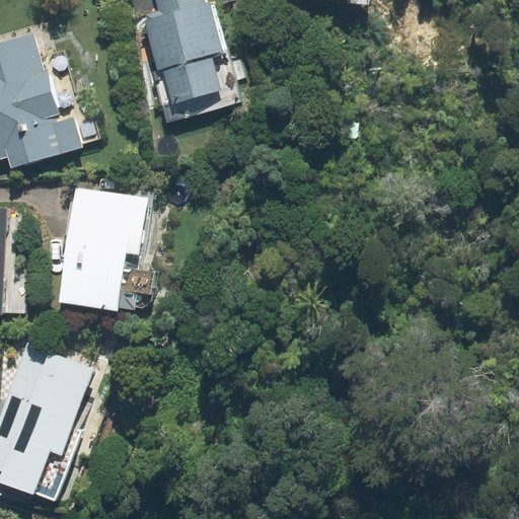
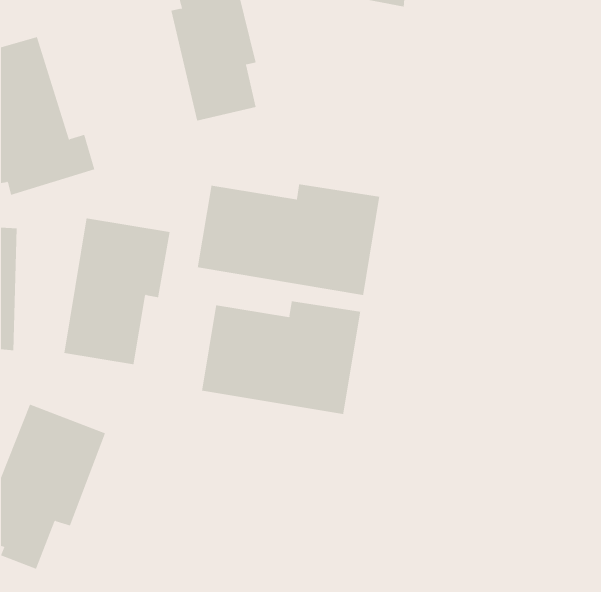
building: none -> [197,184,380,296]
building: none -> [202,300,361,415]

